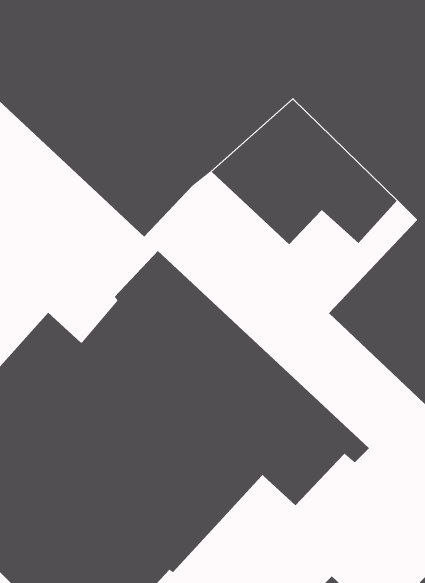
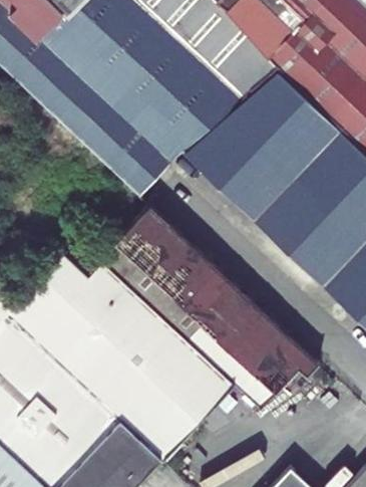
building: none -> [176,143,354,255]

